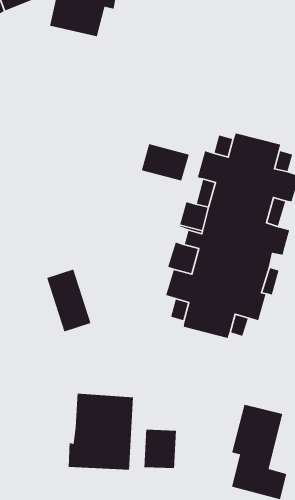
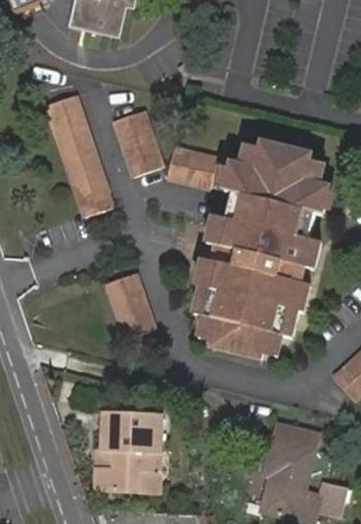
building: none -> [48,98,111,216]
building: none -> [116,113,162,177]
building: [46,269,91,332] -> [107,272,154,339]
building: [144,429,177,469] -> none

